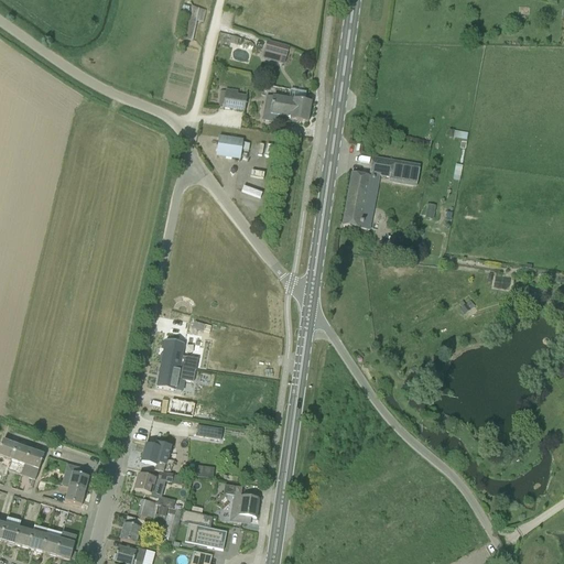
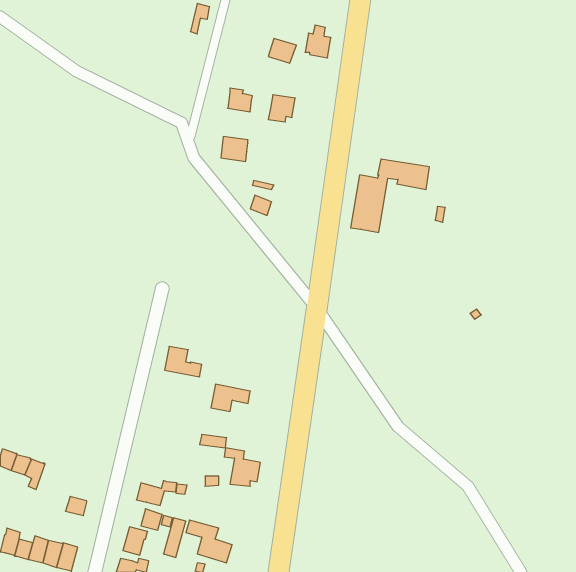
building: [285,88,311,120] -> [305,25,331,58]
building: [156,361,195,388] -> [211,384,250,411]
building: [141,443,180,470] -> none
building: [61,463,88,489] -> none
building: [224,482,259,520] -> [224,448,260,486]

